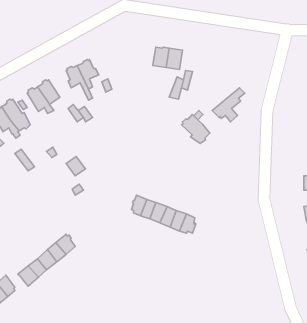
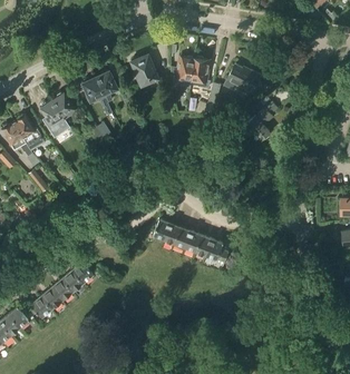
building: none -> [132,56,158,88]
building: none -> [225,65,261,92]
building: [182,115,210,144] -> none

